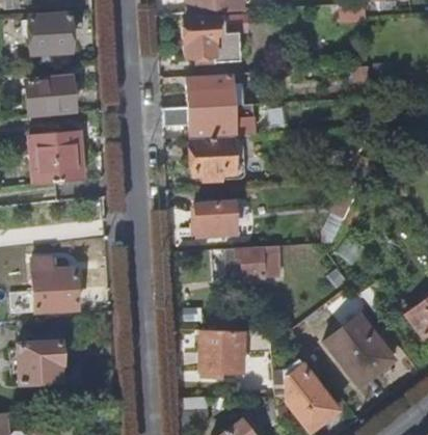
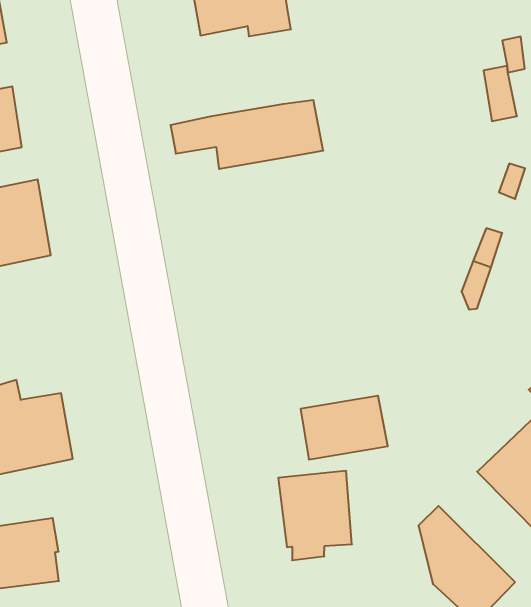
building: [186,75,233,108] -> none
building: [189,138,233,176] -> none
building: [195,201,240,237] -> none
building: [235,246,285,279] -> [301,396,388,459]

